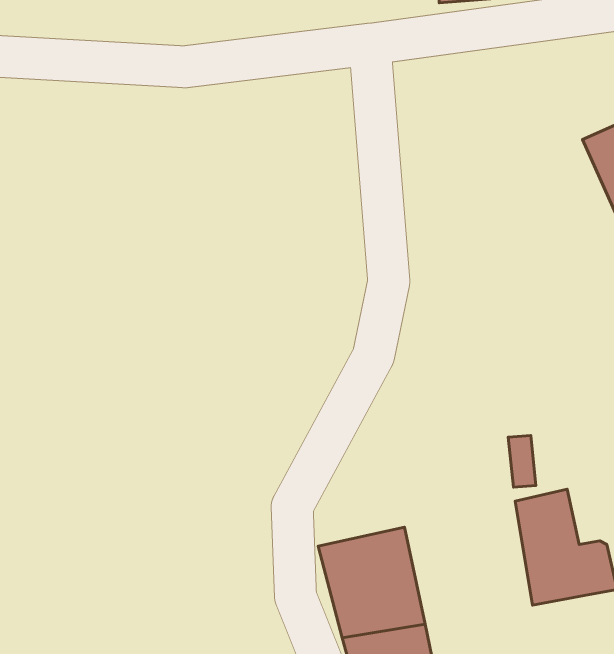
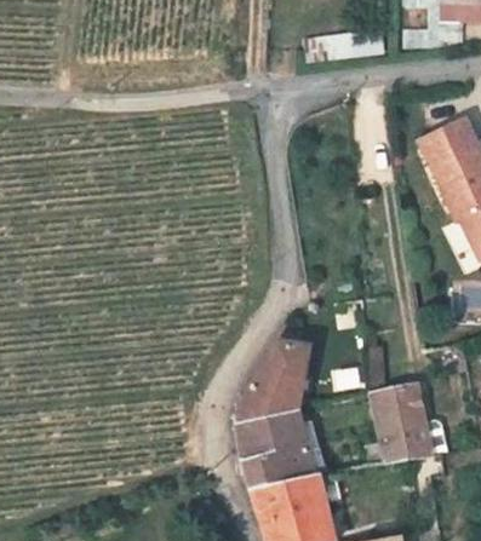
building: none -> [234,328,308,427]

